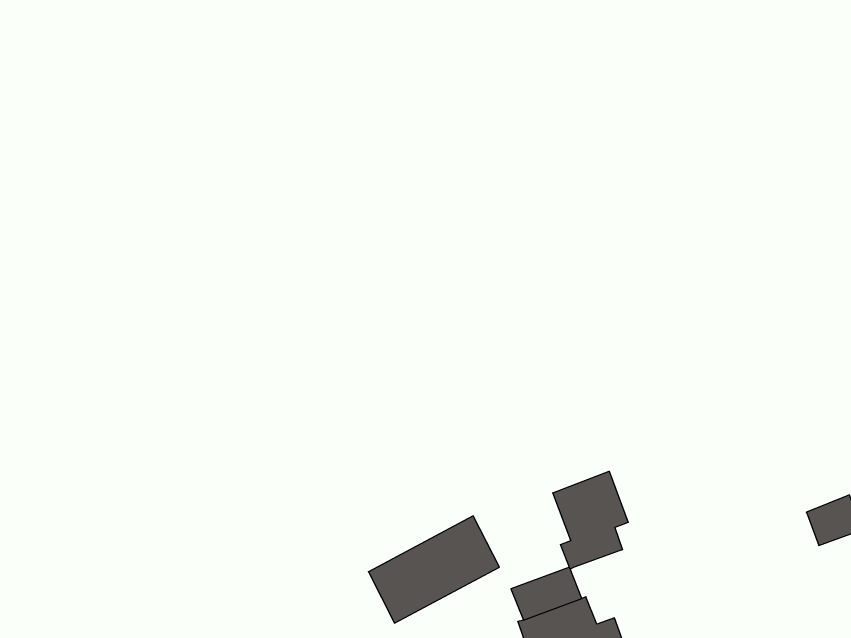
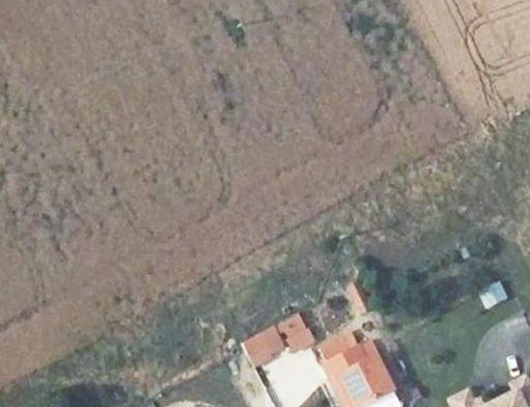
building: [553,471,628,569] -> none

